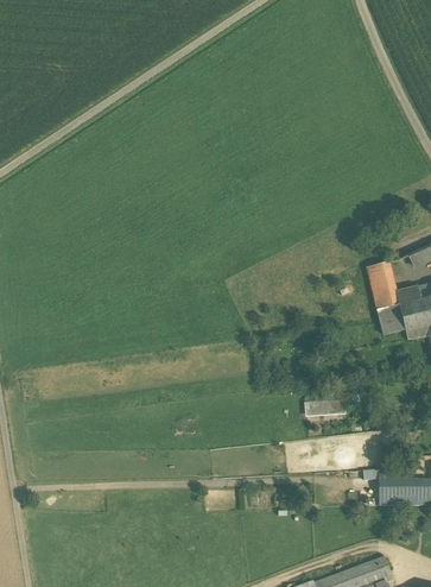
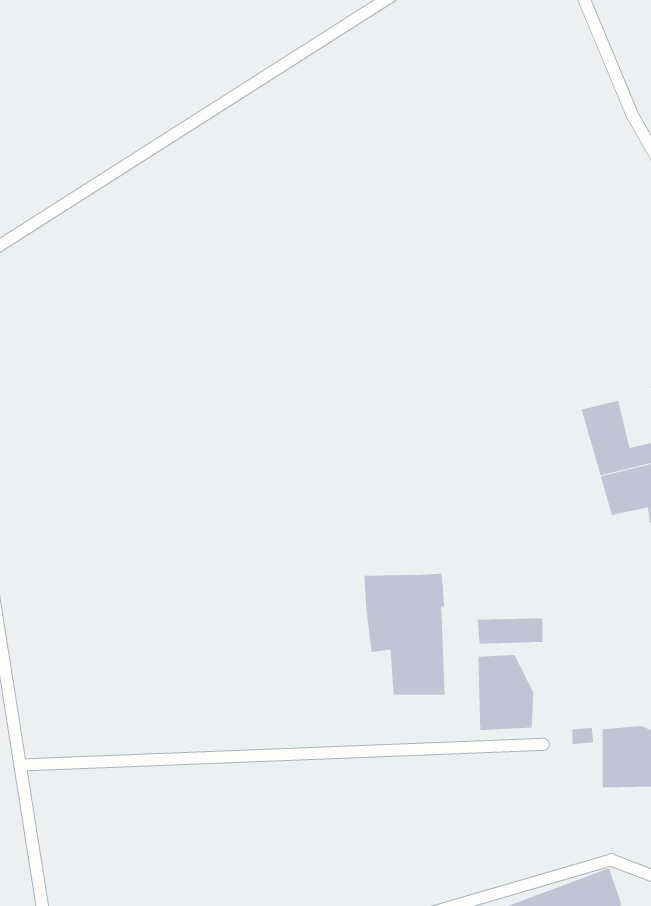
building: none -> [364,573,445,695]
building: none -> [478,654,534,731]

